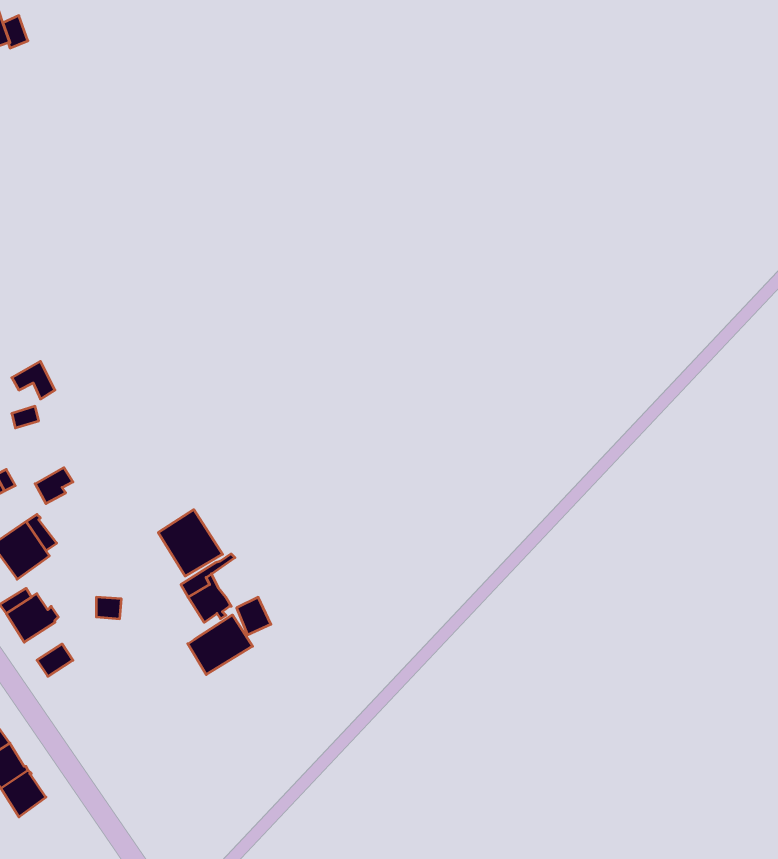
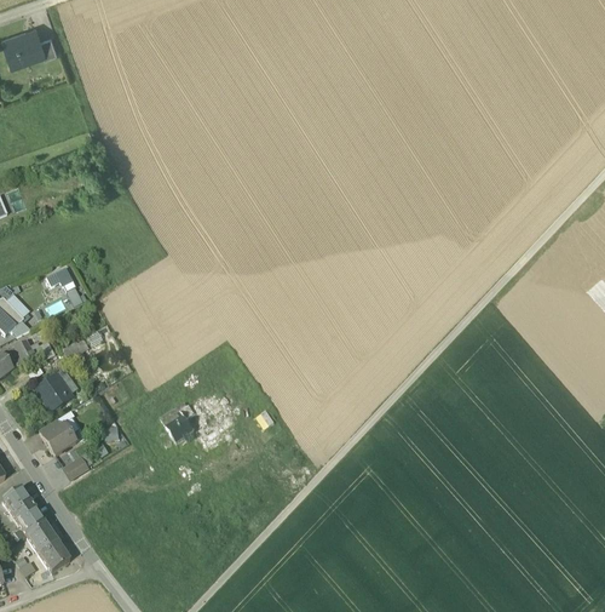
building: [158,510,223,576] -> none
building: [188,615,253,675] -> none

